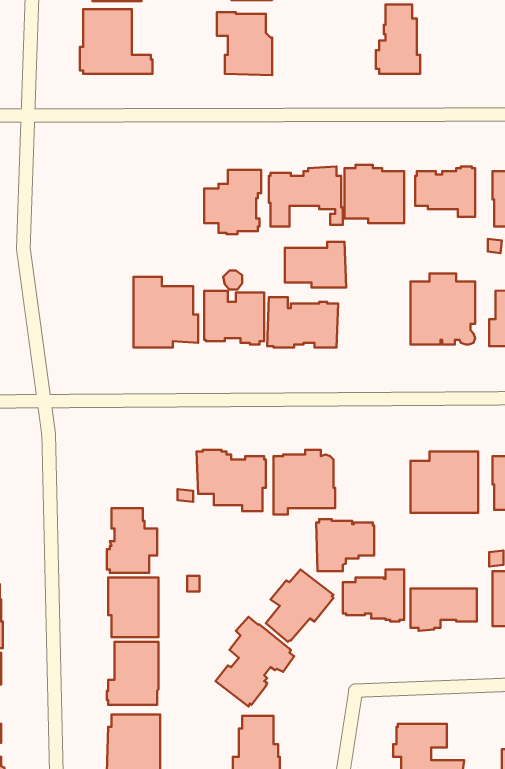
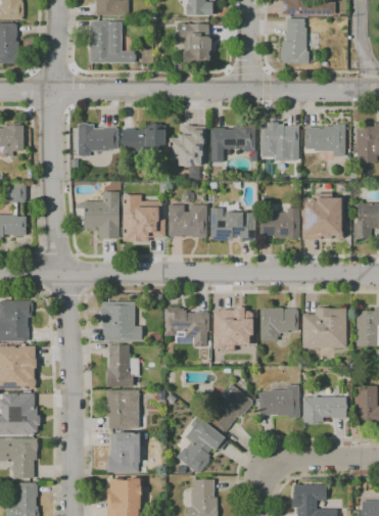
building: none -> [77,123,117,155]
building: none -> [122,123,165,150]
building: [285,242,346,287] -> [259,207,299,237]
building: none -> [83,191,120,239]
building: none -> [101,301,142,340]
building: [316,519,374,571] -> [259,307,297,340]

